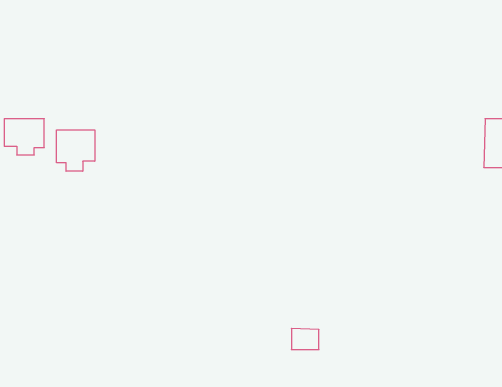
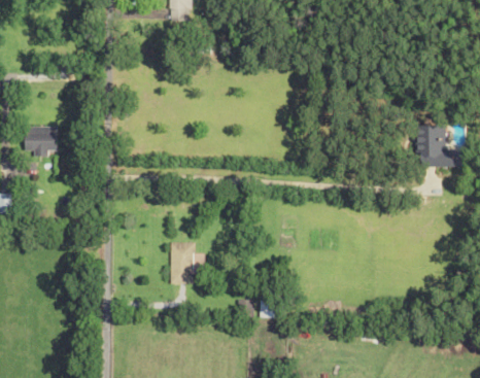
building: [57,130,95,171] -> none
building: none -> [170,241,204,282]

